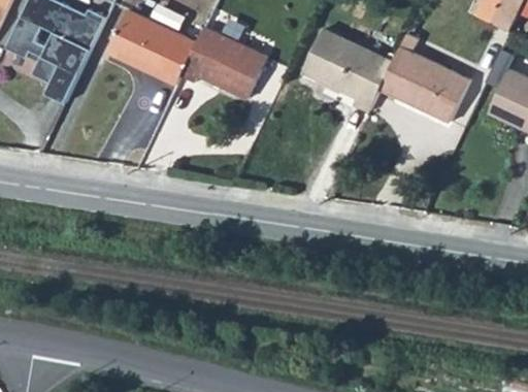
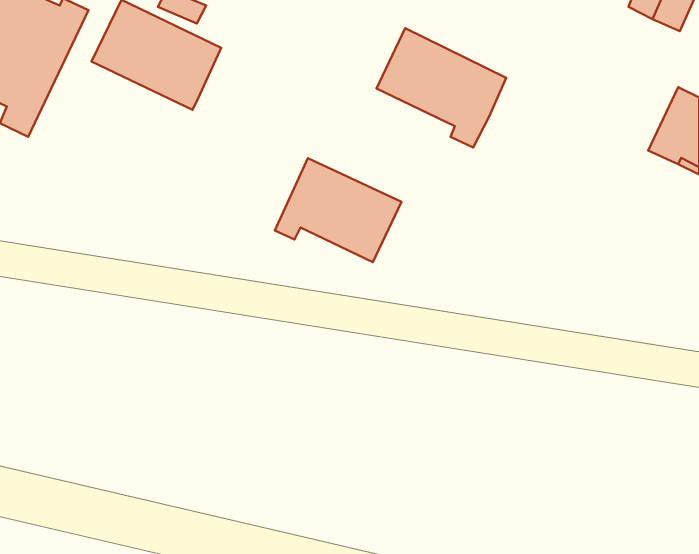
building: [180,26,267,97] -> [275,158,401,262]
building: [380,46,468,121] -> none

